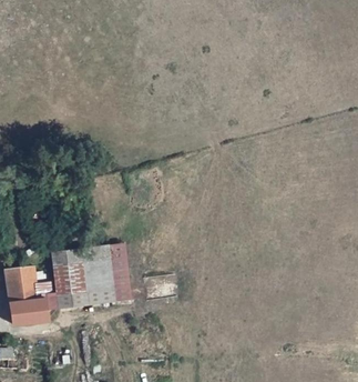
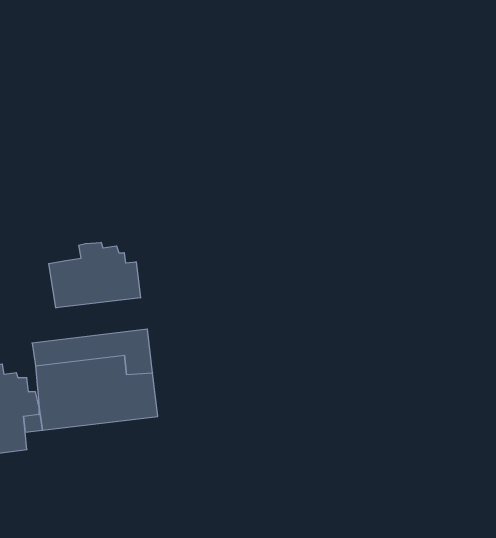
building: none -> [49,242,140,308]

